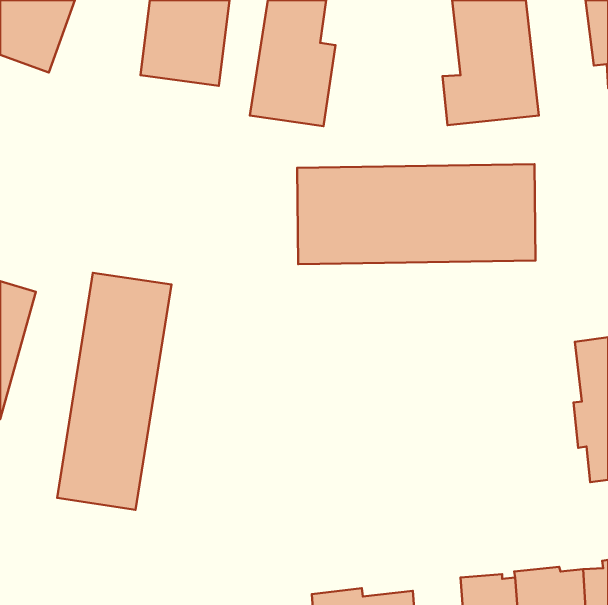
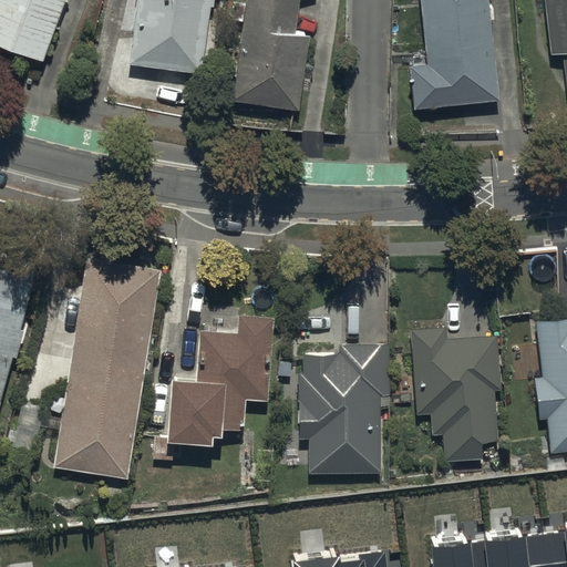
building: [297,164,535,264] -> none
building: none -> [165,313,272,441]
building: none -> [409,326,499,461]
building: none -> [297,344,389,473]

